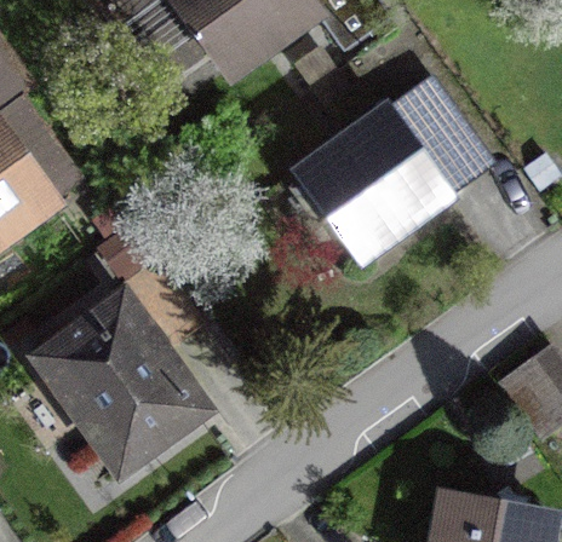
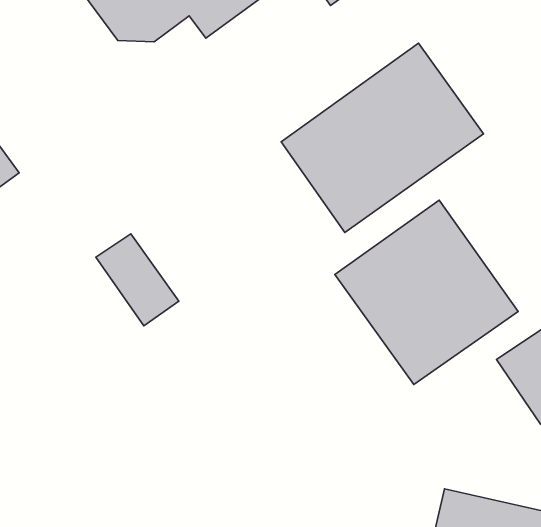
building: none -> [335,200,518,384]
building: [44,300,201,465] -> none

